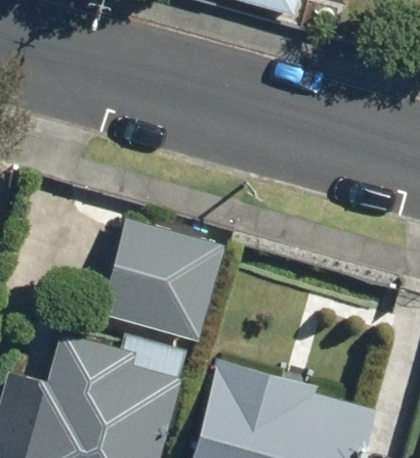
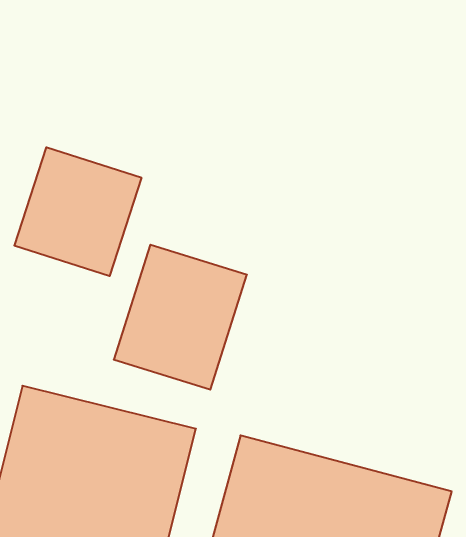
building: none -> [14,147,141,276]

